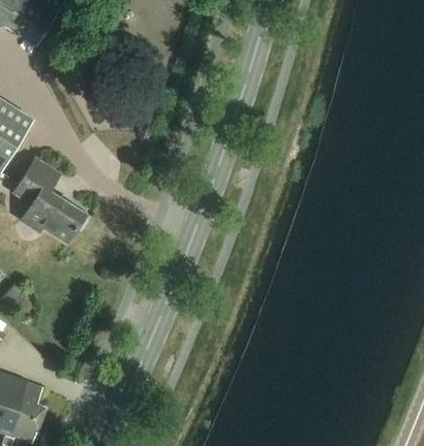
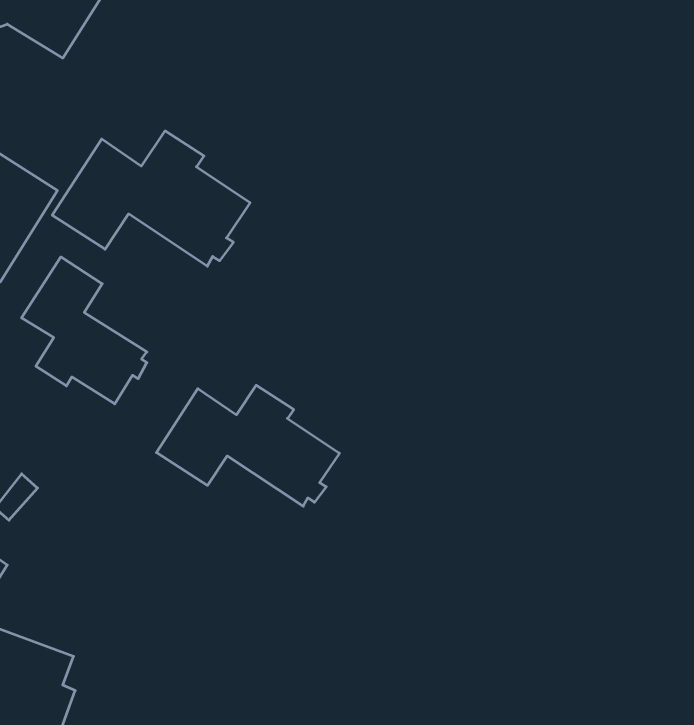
building: none -> [52,131,250,266]
building: none -> [156,385,339,506]

